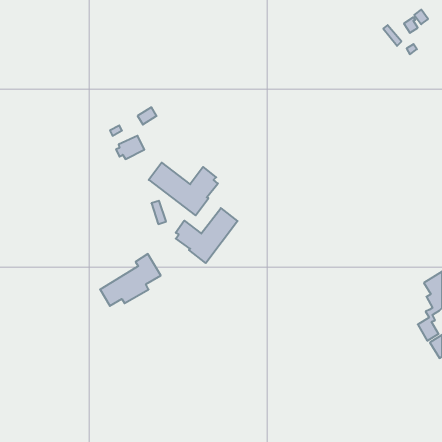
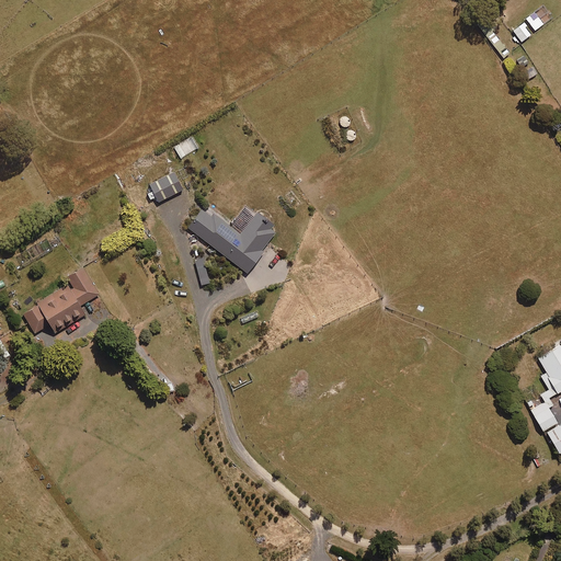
building: [176,208,238,263] -> none
building: [100,254,161,306] -> [23,266,100,332]

